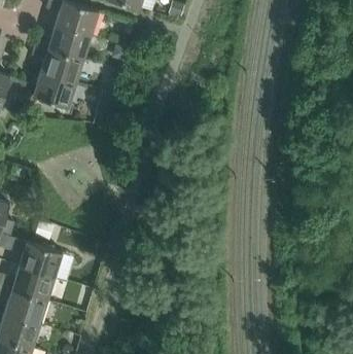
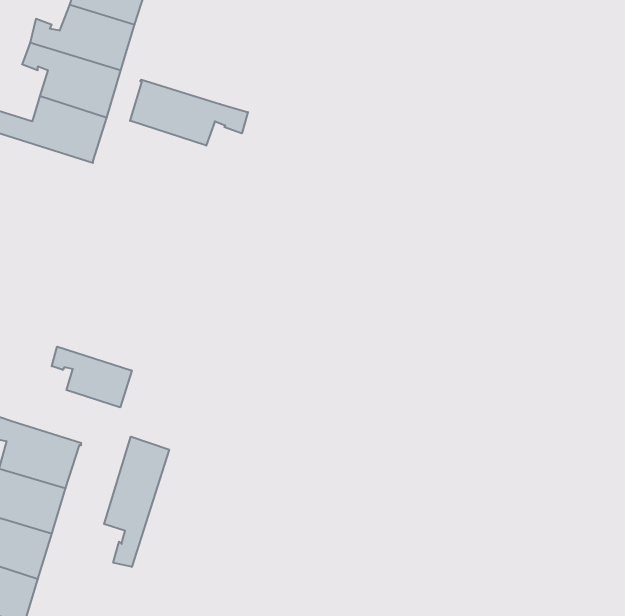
building: none -> [130,80,248,146]
building: none -> [52,347,132,407]
building: none -> [104,437,169,567]

